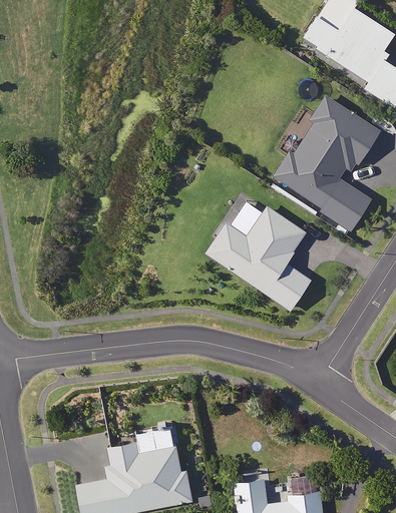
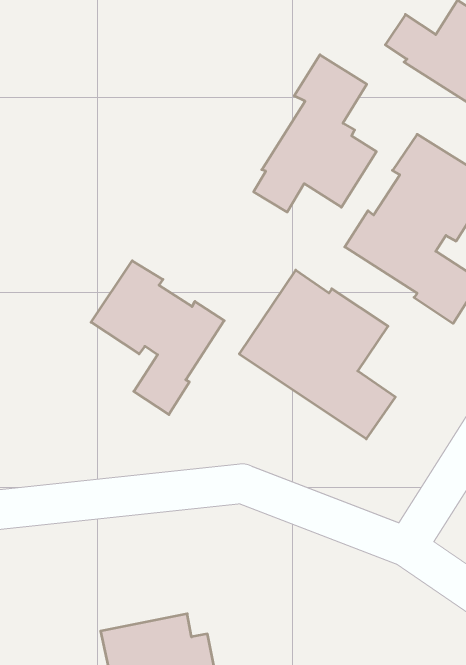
building: none -> [254,55,376,212]
building: none -> [91,261,224,415]

